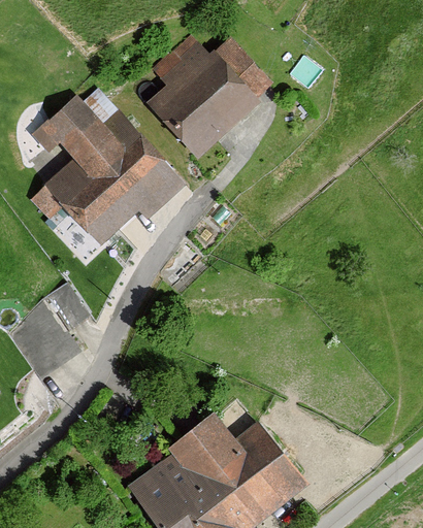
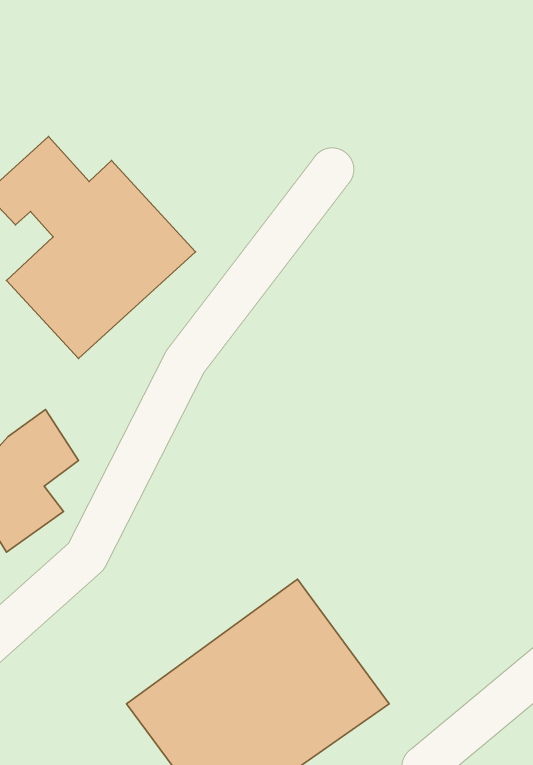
building: [148,36,275,160] -> none

